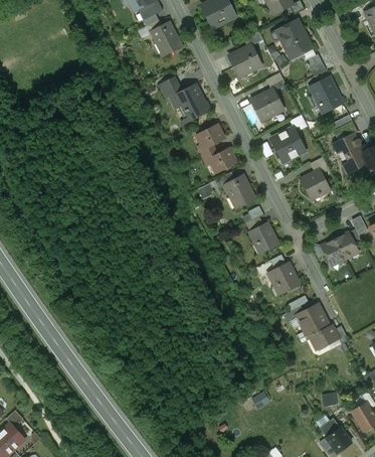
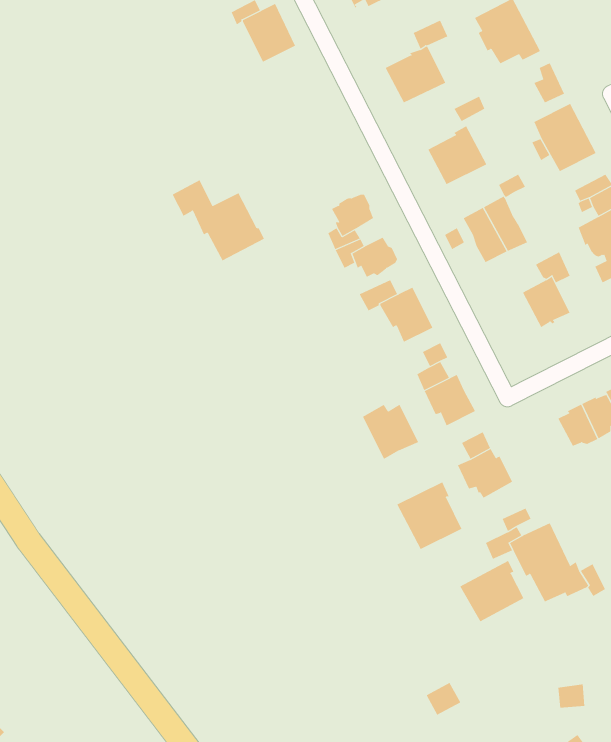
building: [159,78,209,122] -> [172,179,265,261]
building: none -> [362,404,419,460]
building: none -> [397,481,462,550]
building: none -> [460,560,524,622]

